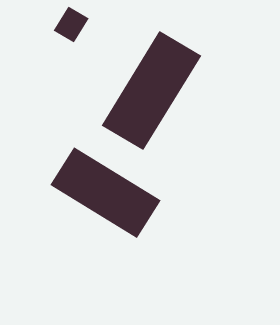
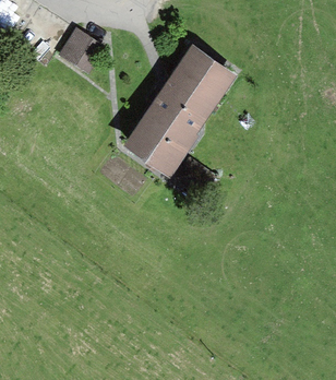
building: [49,146,162,239] -> none

